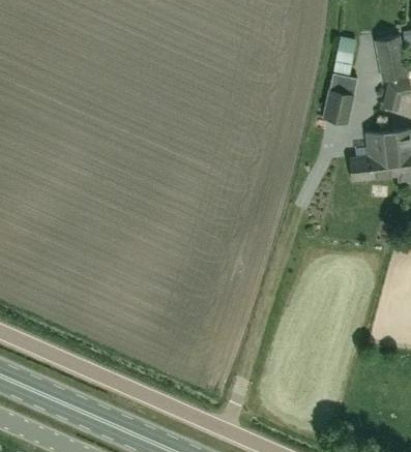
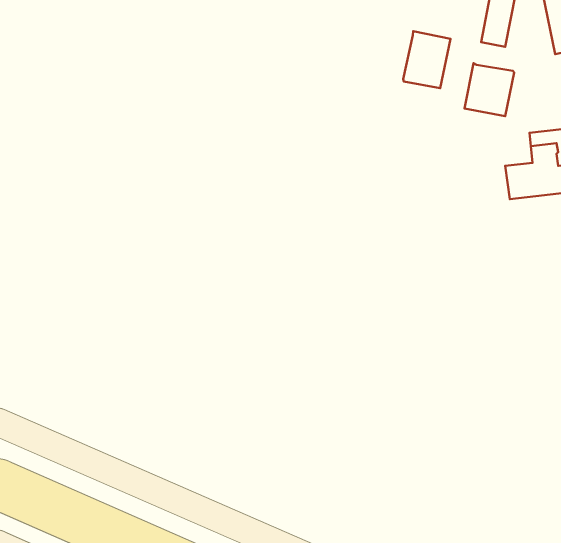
building: none -> [403,31,451,88]

